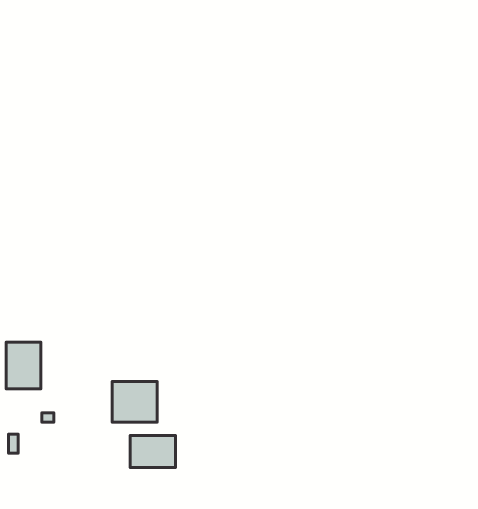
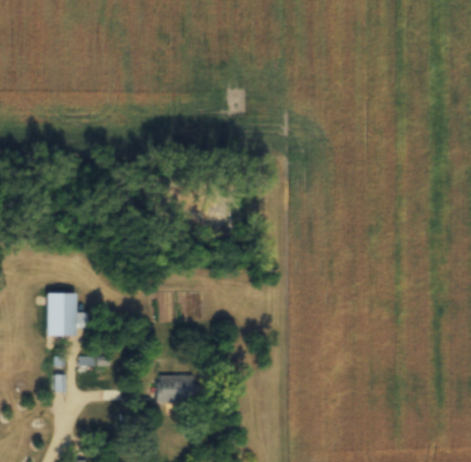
building: [112,381,157,422] -> none

